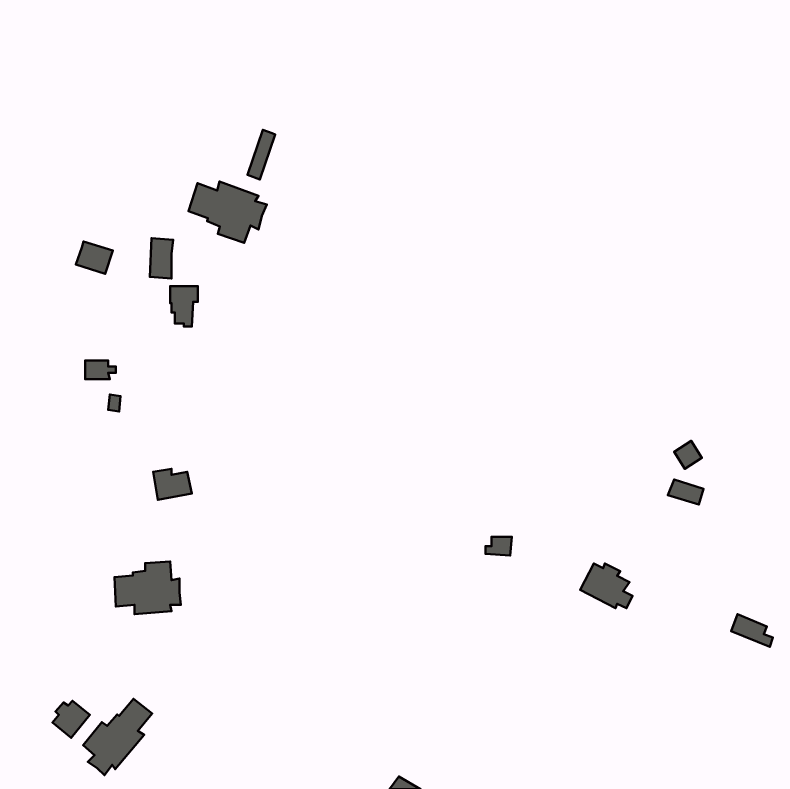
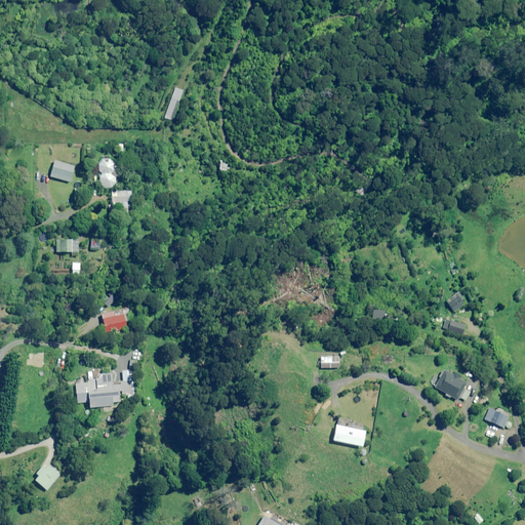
building: [188,181,267,243] -> none
building: [580,563,633,608] -> [435,369,470,399]
building: none -> [333,423,365,445]
building: [83,699,152,775] -> none

